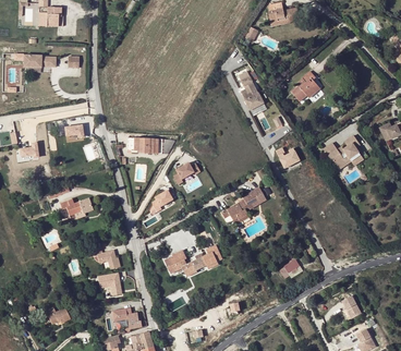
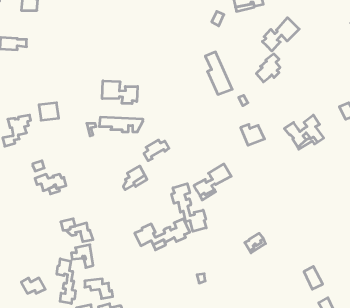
building: none -> [262,18,299,51]
building: none -> [102,81,138,104]
building: none -> [172,184,206,231]
building: none -> [57,259,75,304]

